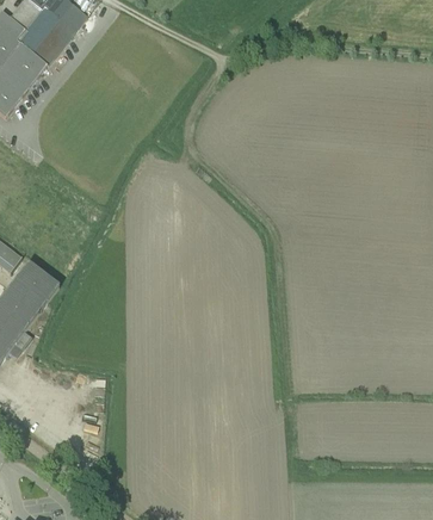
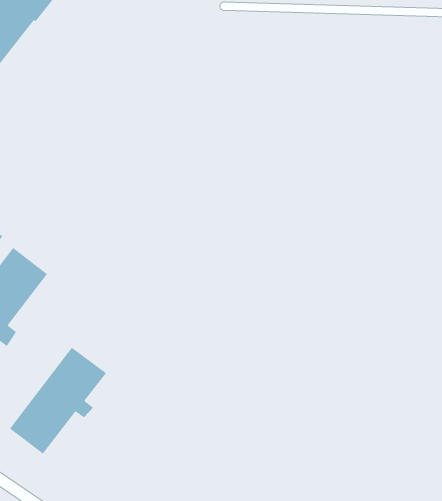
building: none -> [9,347,107,455]

